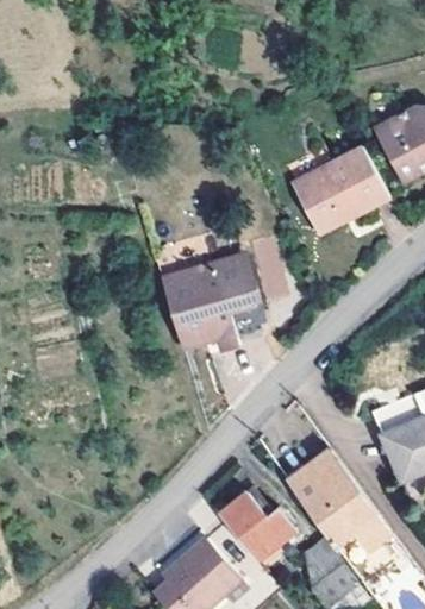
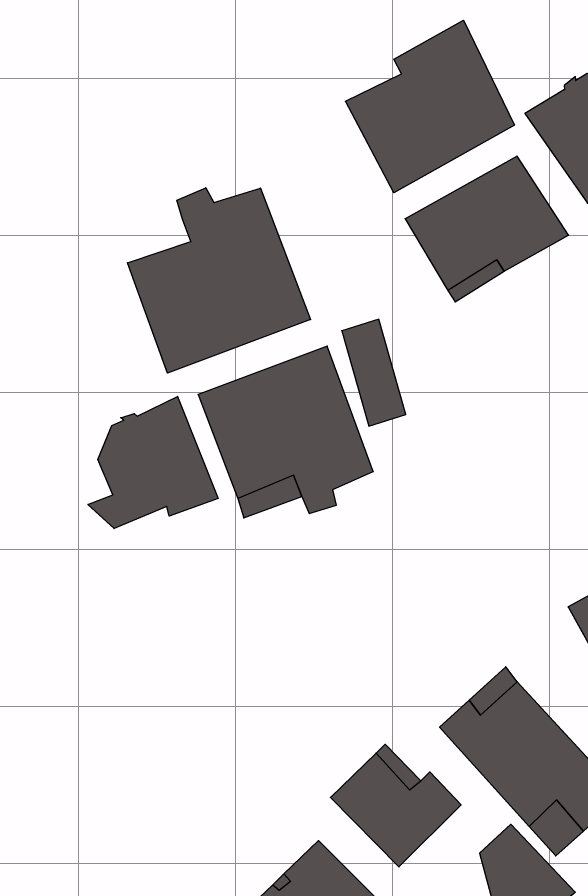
building: none -> [345,20,514,193]
building: none -> [127,188,311,373]
building: none -> [88,396,218,529]

